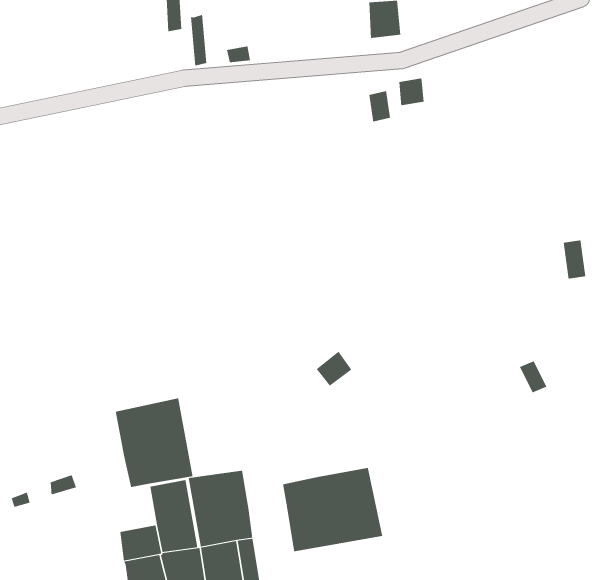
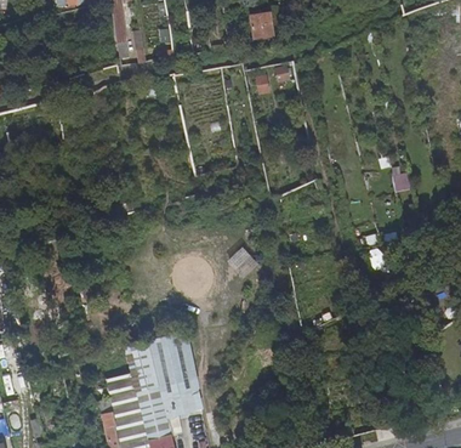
building: [115,397,193,488] -> none
building: [282,467,383,552] -> none

